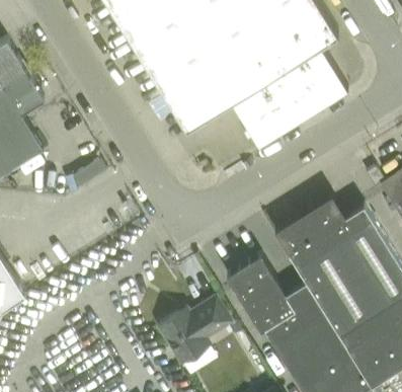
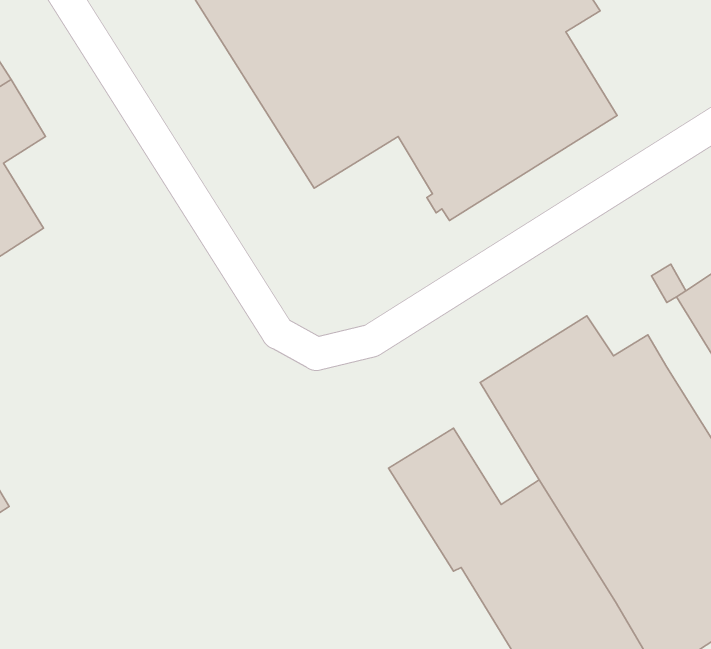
building: [160,300,231,362] -> none

